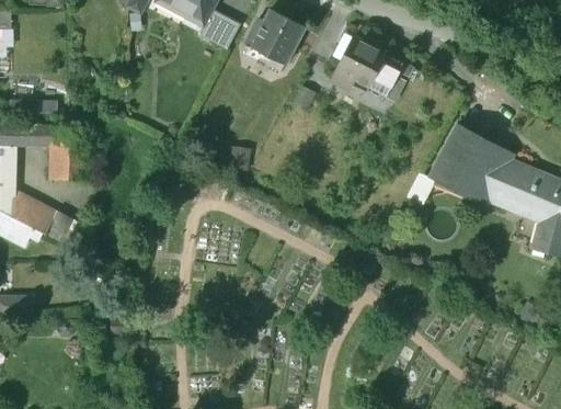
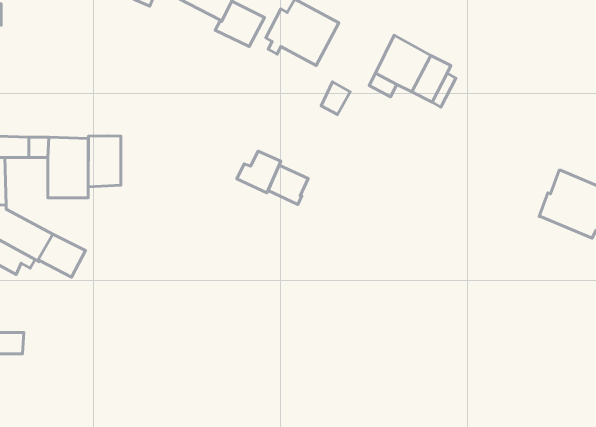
building: none -> [88,136,121,187]
building: [430,128,501,200] -> none
building: none -> [268,165,308,205]

